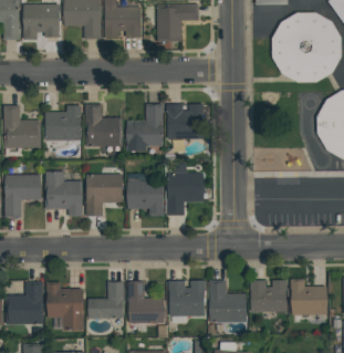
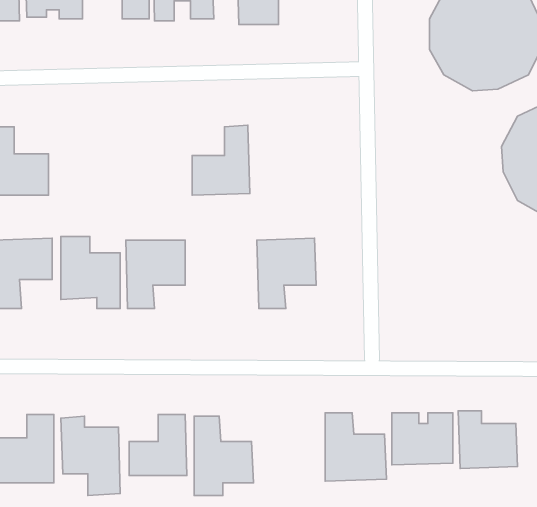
building: [167,104,204,139] -> none
building: [43,105,81,142] -> none
building: [85,105,123,147] -> none
building: [127,183,164,216] -> none
building: [169,281,206,318] -> none

